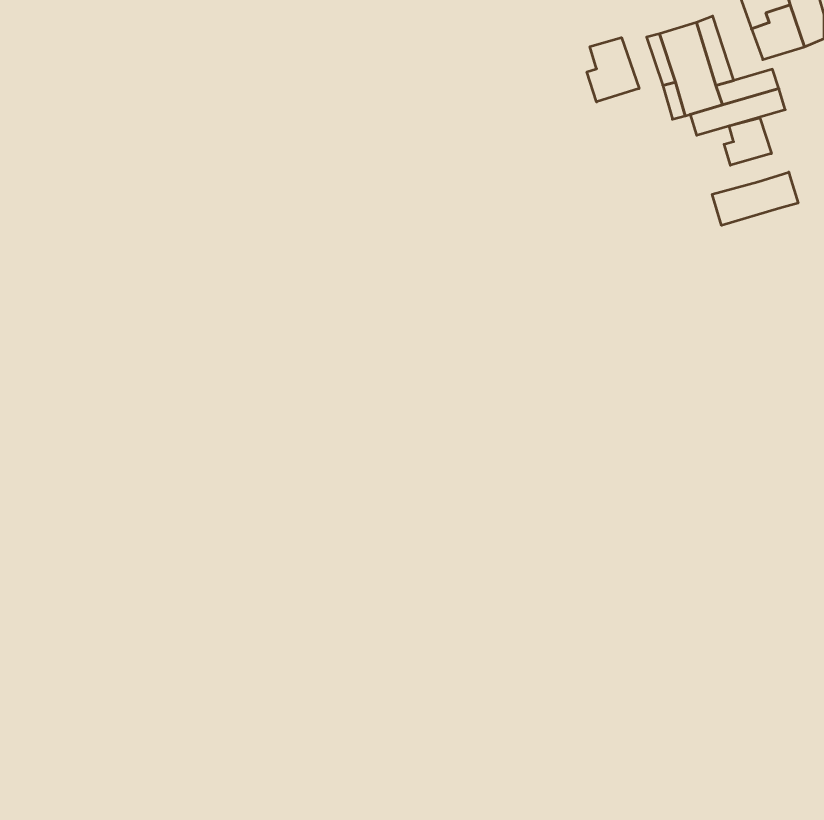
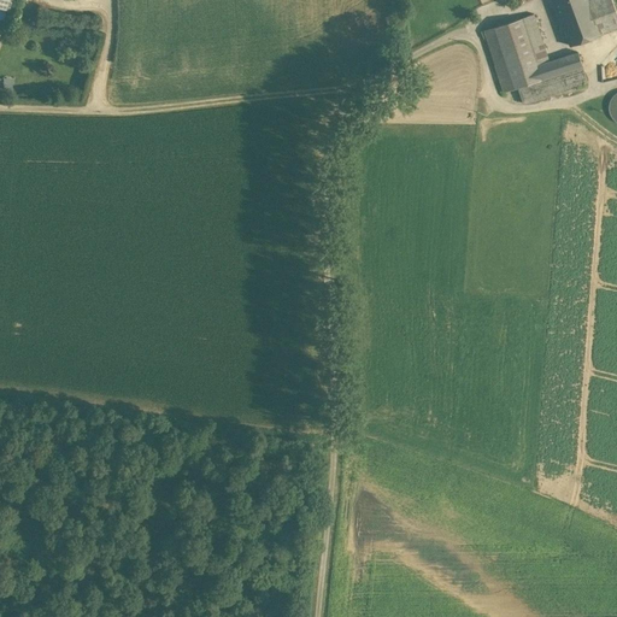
building: [587,38,639,102] -> none
building: [724,118,771,165] -> none
building: [712,172,798,225] -> none

